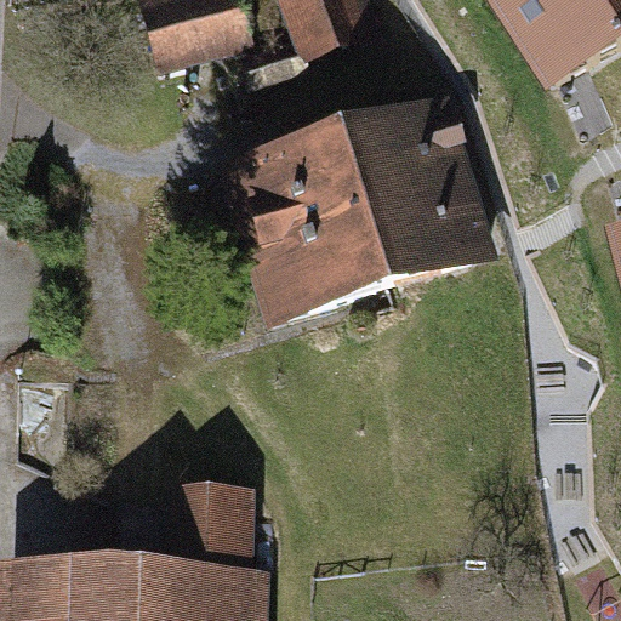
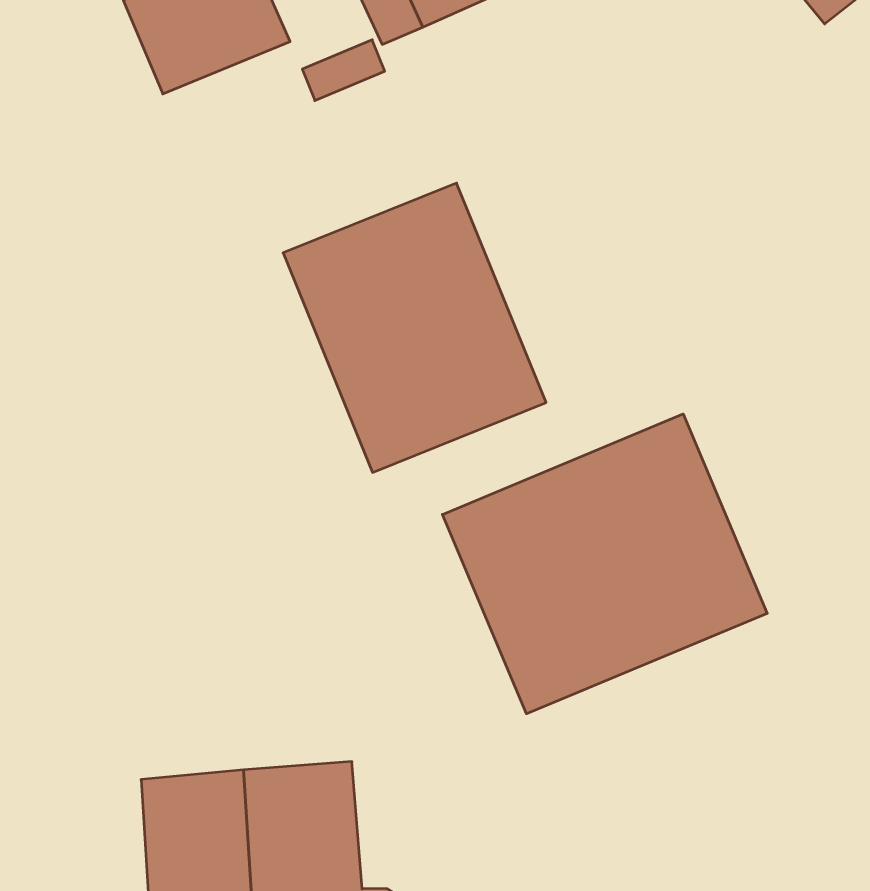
building: [342,114,480,287] -> none
building: none -> [442,414,767,714]

